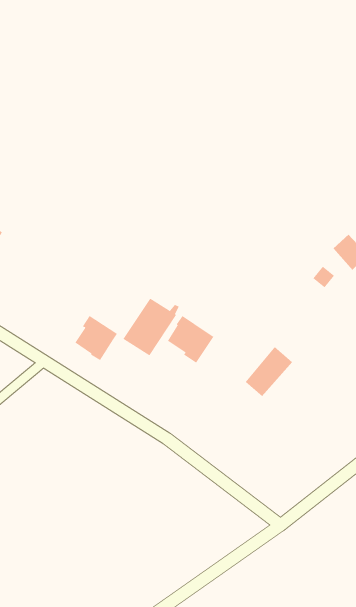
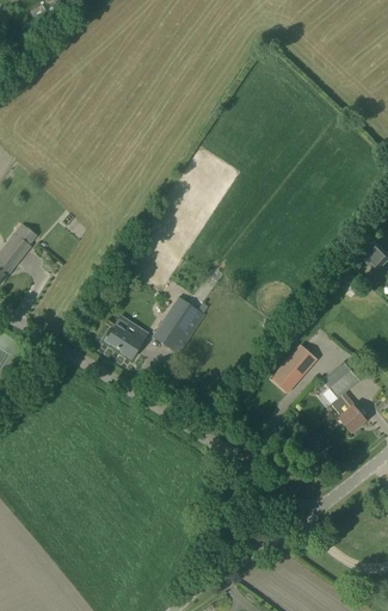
building: [167,315,214,363] -> none
building: none -> [321,360,365,432]

